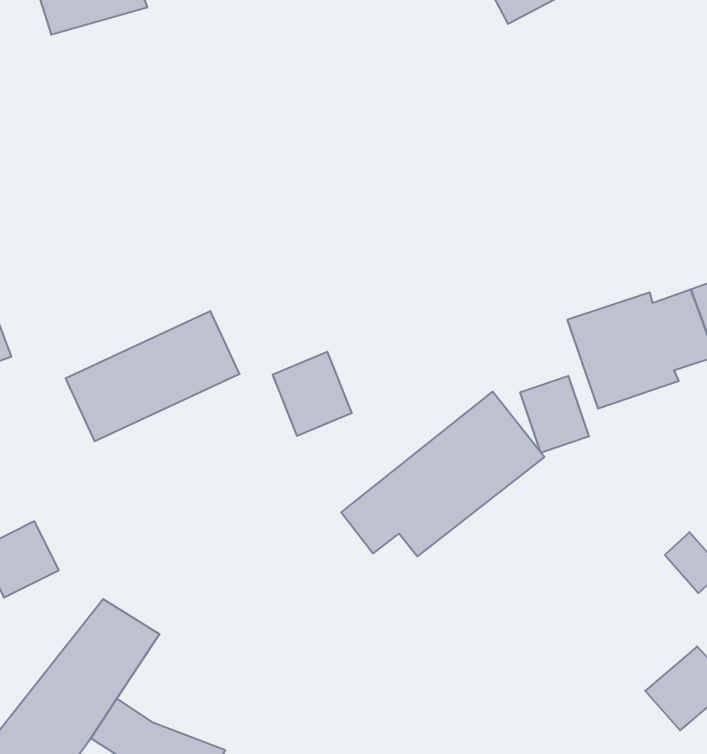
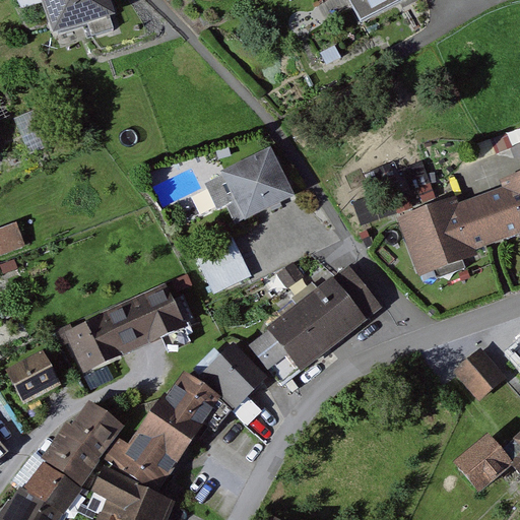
building: none -> [212,146,290,220]
building: [66,311,240,441] -> [70,284,186,371]
building: [520,376,589,453] -> none
building: none -> [202,346,262,406]
building: none -> [115,367,213,490]

